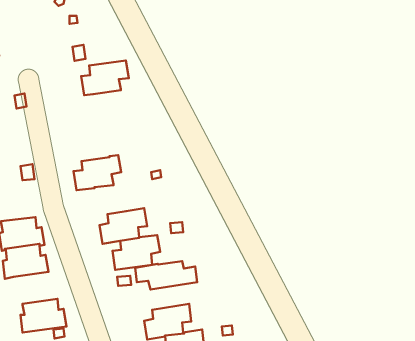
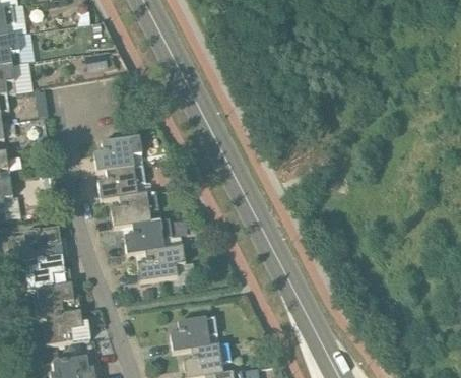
building: [81,60,129,95] -> [93,135,142,171]
building: none -> [111,191,159,227]
building: [135,261,197,290] -> none
building: none -> [35,282,81,317]

